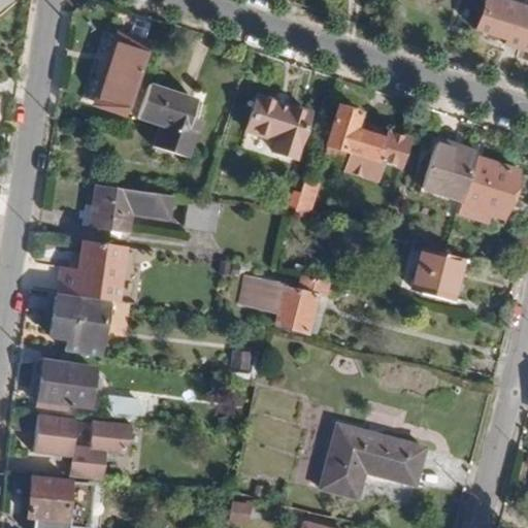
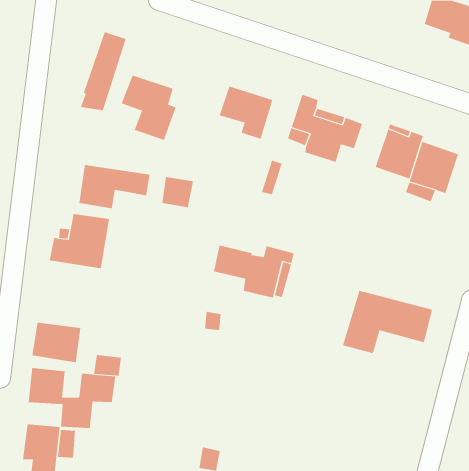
building: [412,248,462,296] -> none
building: [51,295,106,356] -> none
building: [321,425,422,496] -> [342,290,433,354]

